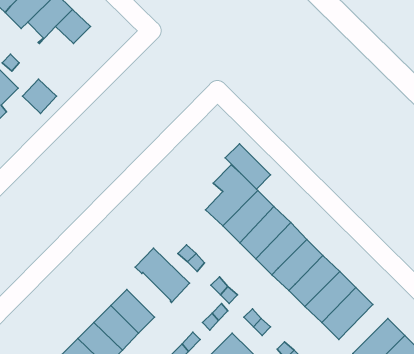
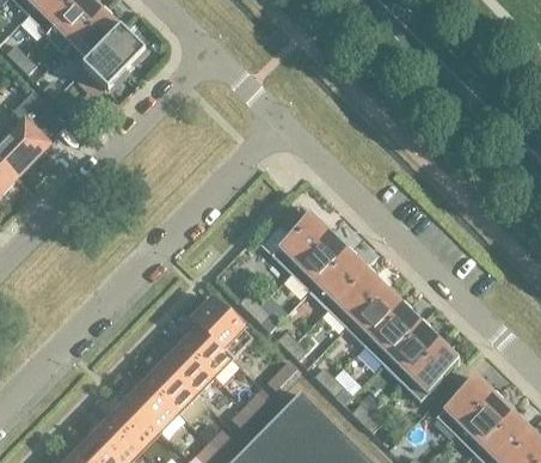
building: [23,79,57,113] -> [85,48,123,86]
building: [225,144,271,189] -> none
building: none -> [183,324,232,374]

